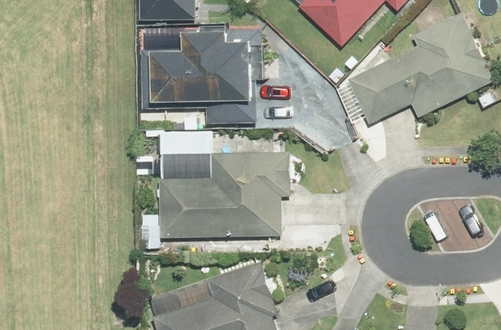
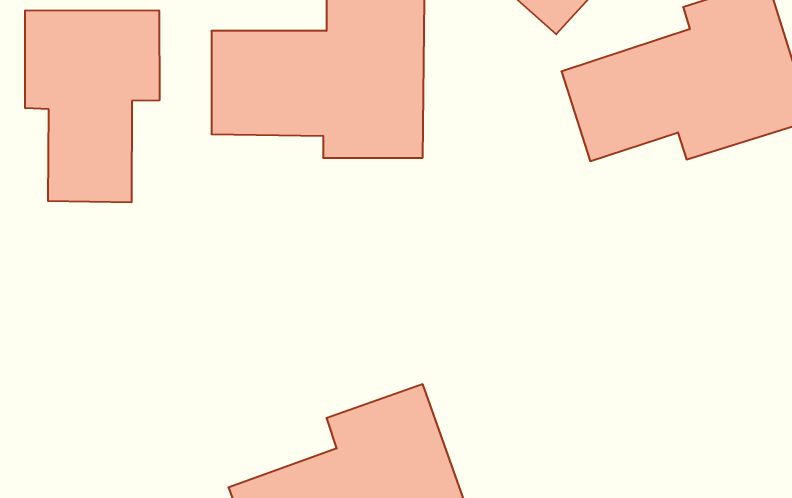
building: none -> [25,10,159,202]
building: [158,152,293,236] -> none

